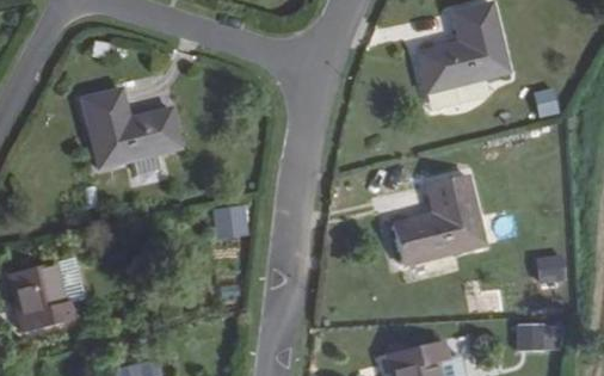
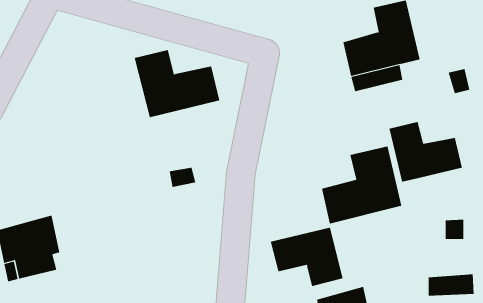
building: [81,87,183,167] -> [134,50,220,118]
building: none -> [389,121,463,182]
building: none -> [270,227,343,287]

